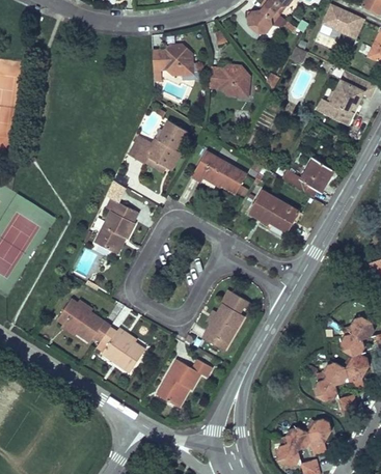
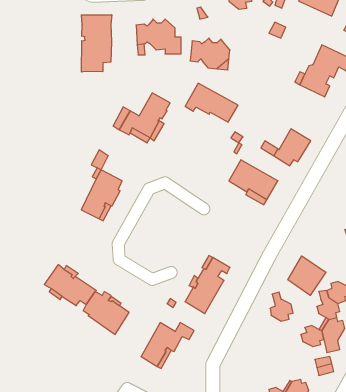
building: none -> [81,15,112,72]
building: [191,151,246,192] -> [185,83,238,122]
building: none -> [288,256,326,295]
building: [314,371,337,401] -> [270,292,293,321]

